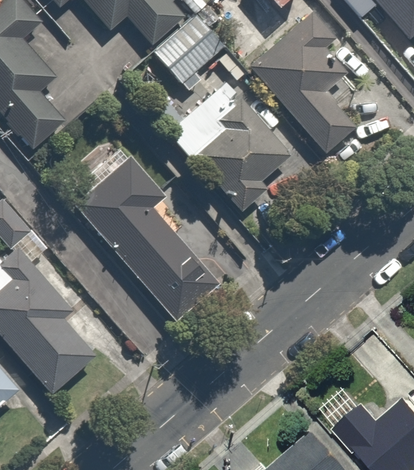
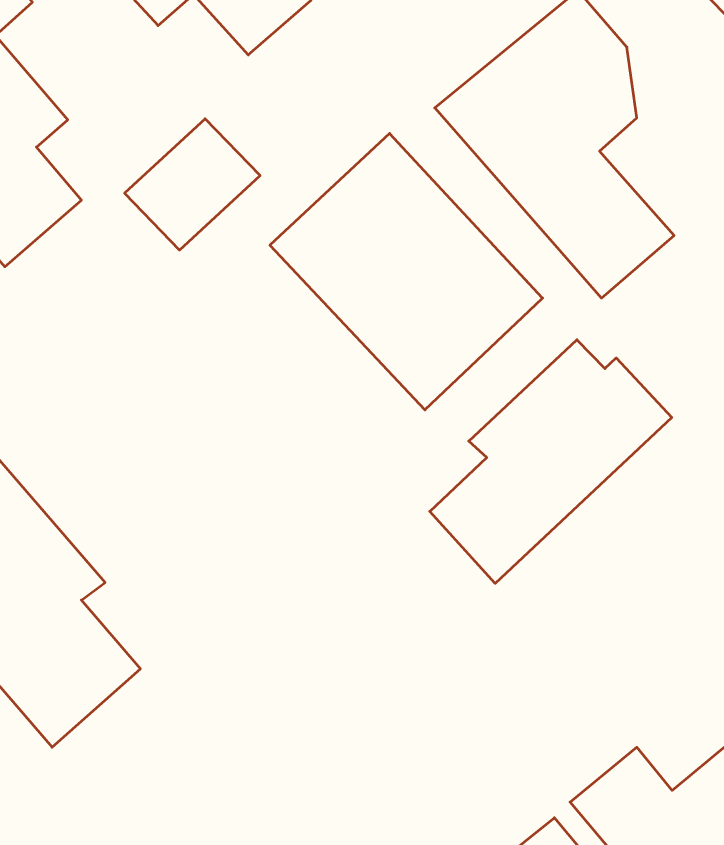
building: [152,18,221,85] -> [125,119,260,250]
building: [72,157,226,322] -> none
building: none -> [430,340,672,583]

